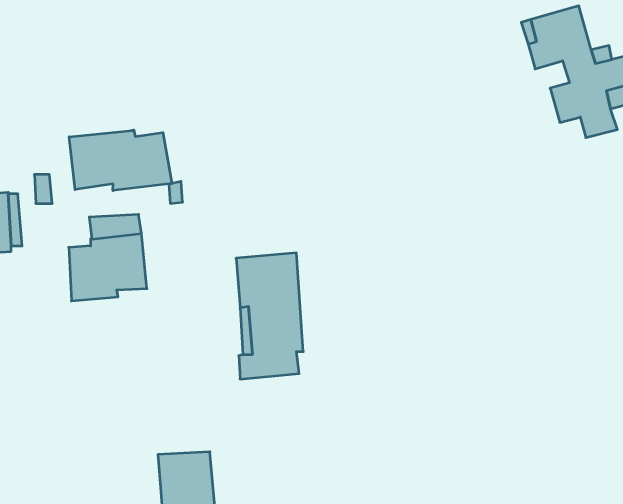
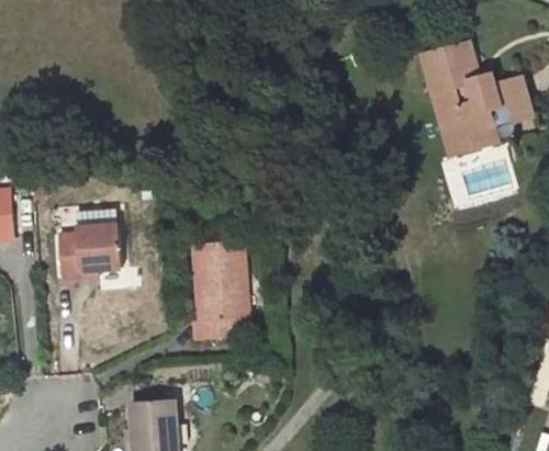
building: none -> [432,87,472,155]
building: [69,130,172,191] -> none

